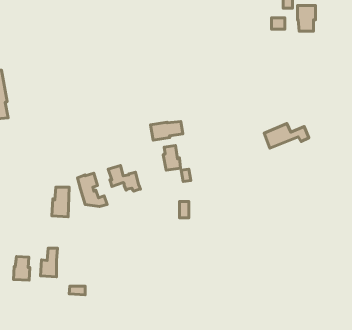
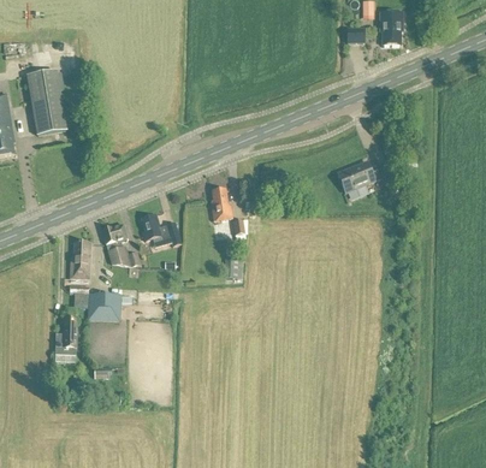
building: none -> [26,70,66,135]
building: [151,122,183,140] -> none
building: none -> [88,294,122,321]
building: [14,257,30,280] -> none

